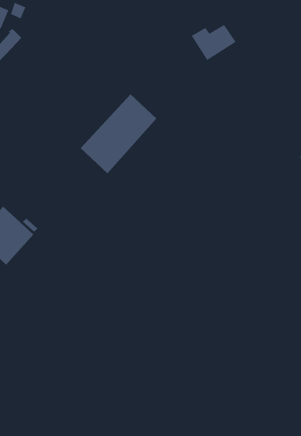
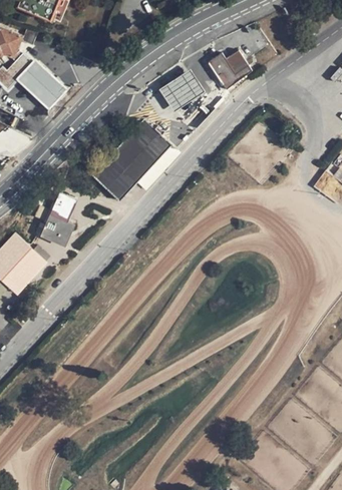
building: none -> [18,61,67,110]
building: none -> [155,62,203,109]
building: none -> [36,193,74,244]

